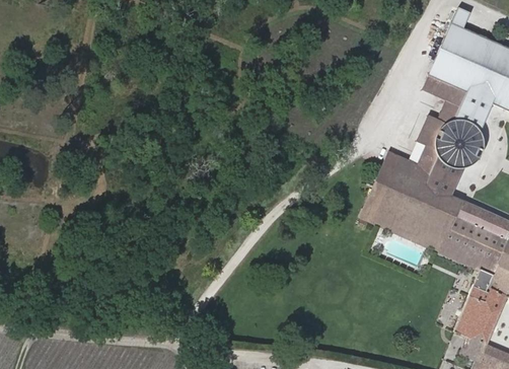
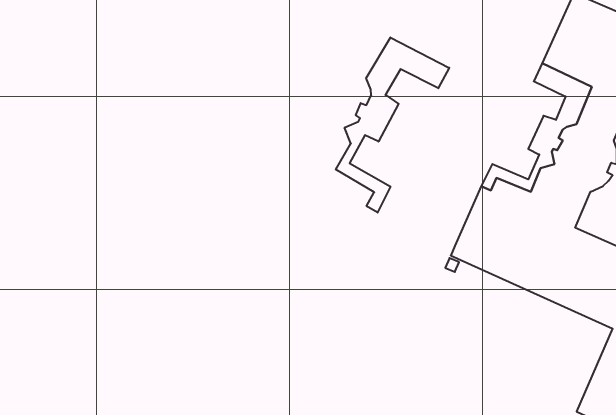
building: none -> [336,37,449,213]

